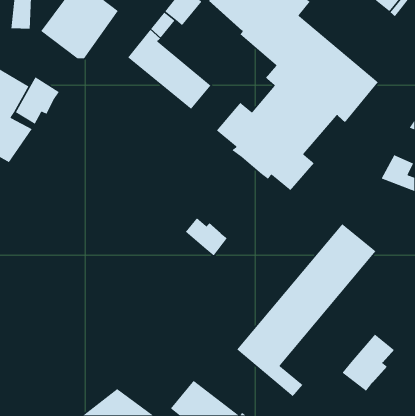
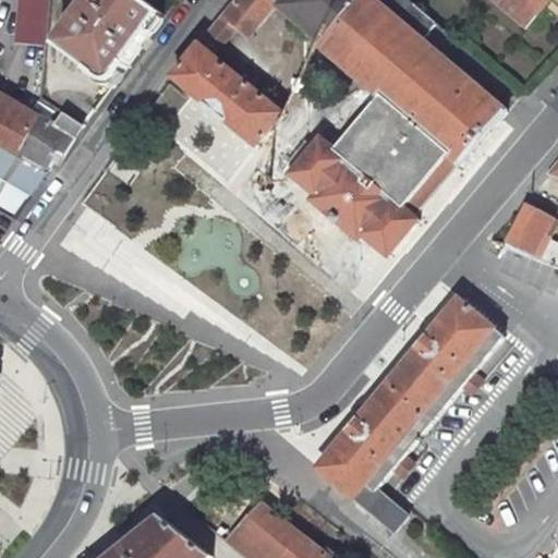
building: [185,217,228,256] -> none
building: [341,334,395,392] -> none

